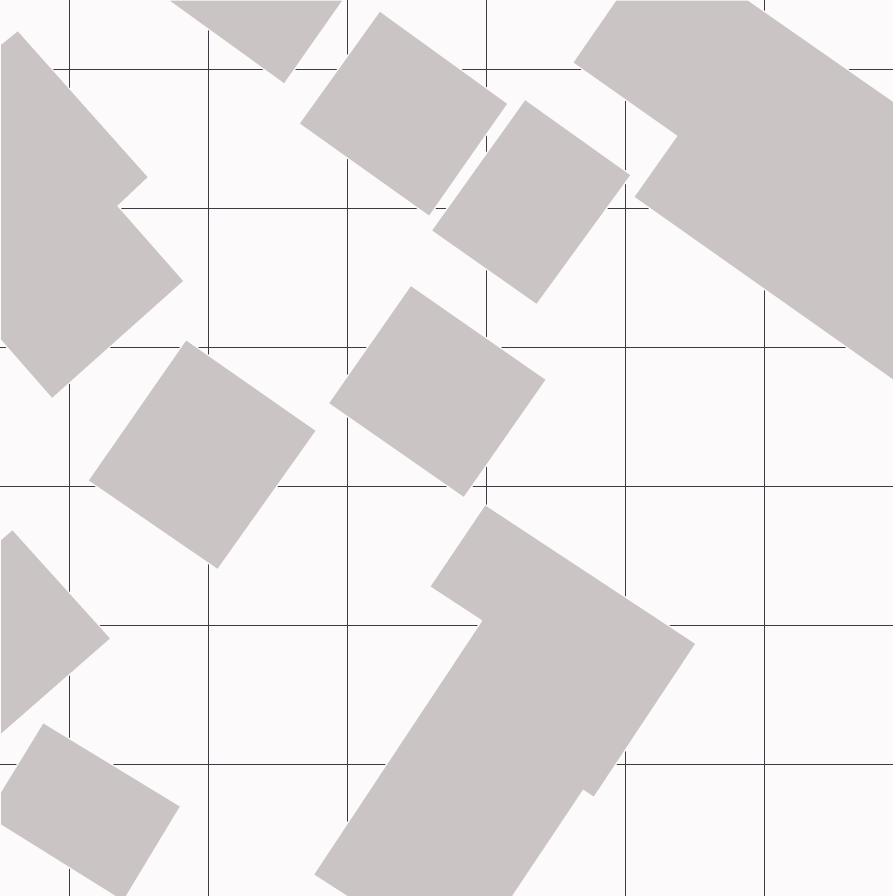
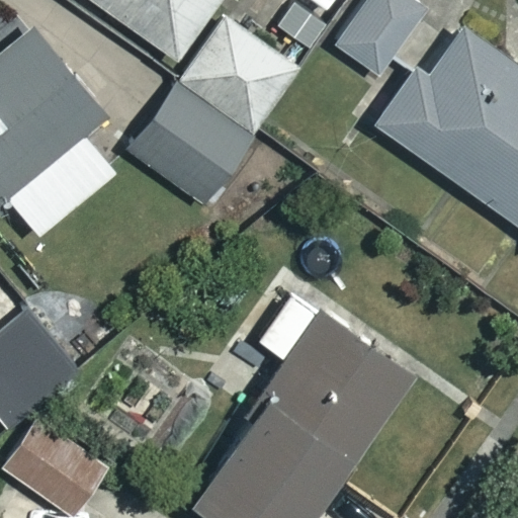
building: [431,99,631,305] -> none
building: [328,285,546,498] -> [128,84,252,204]
building: [88,340,316,570] -> none

